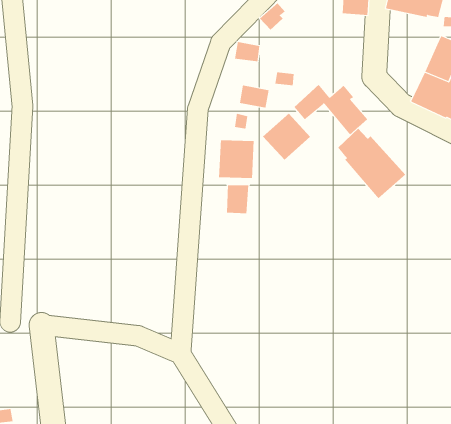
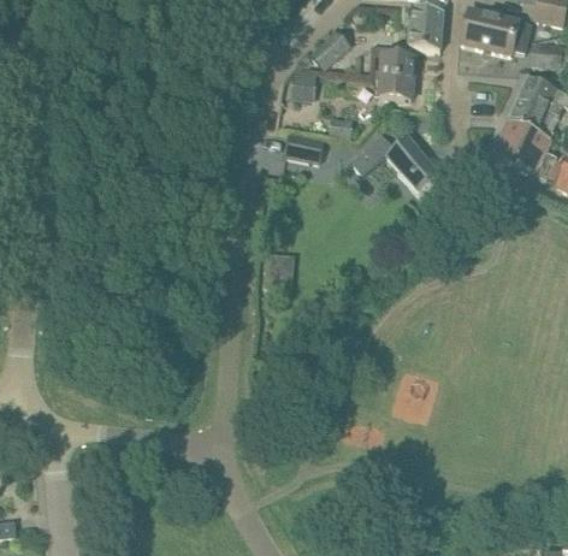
building: none -> [379,55,415,99]
building: [262,113,311,161] -> none
building: [338,128,406,199] -> none
building: [219,139,254,179] -> none

